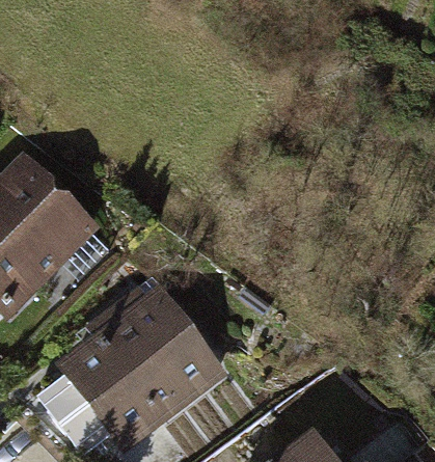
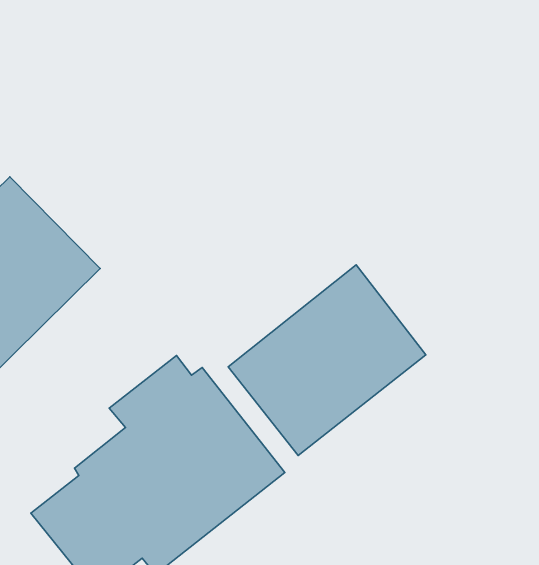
building: none -> [228,265,426,455]

